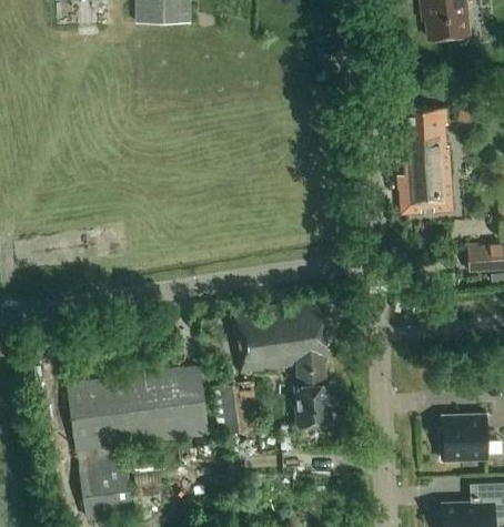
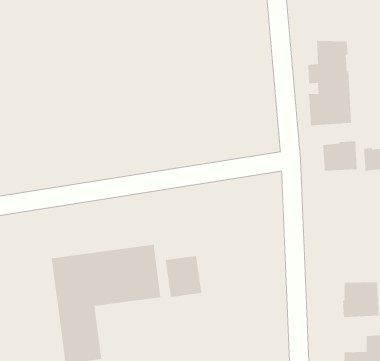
building: none -> [323,141,357,171]
building: [230,301,331,425] -> none

